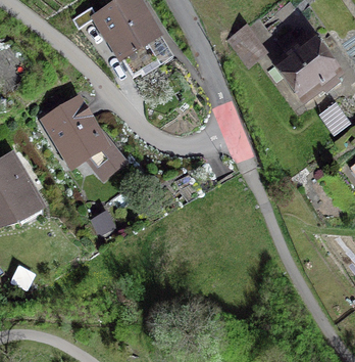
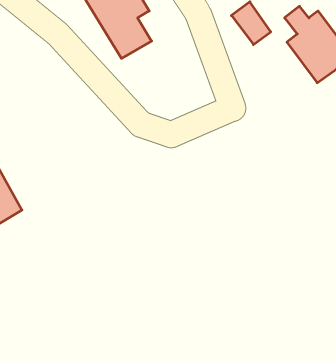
building: [44,96,122,173] -> none

